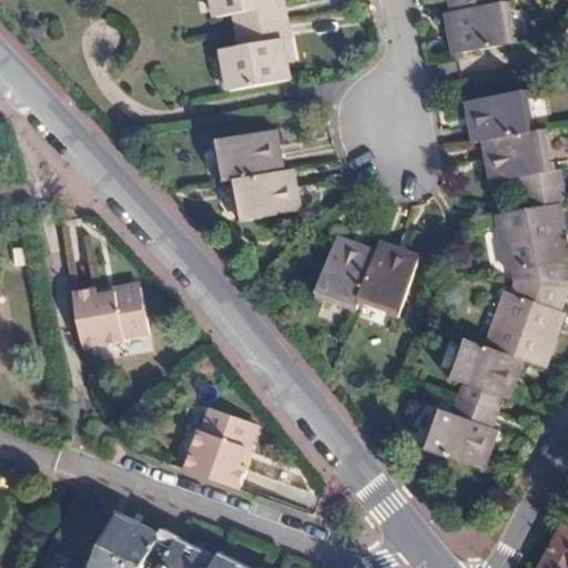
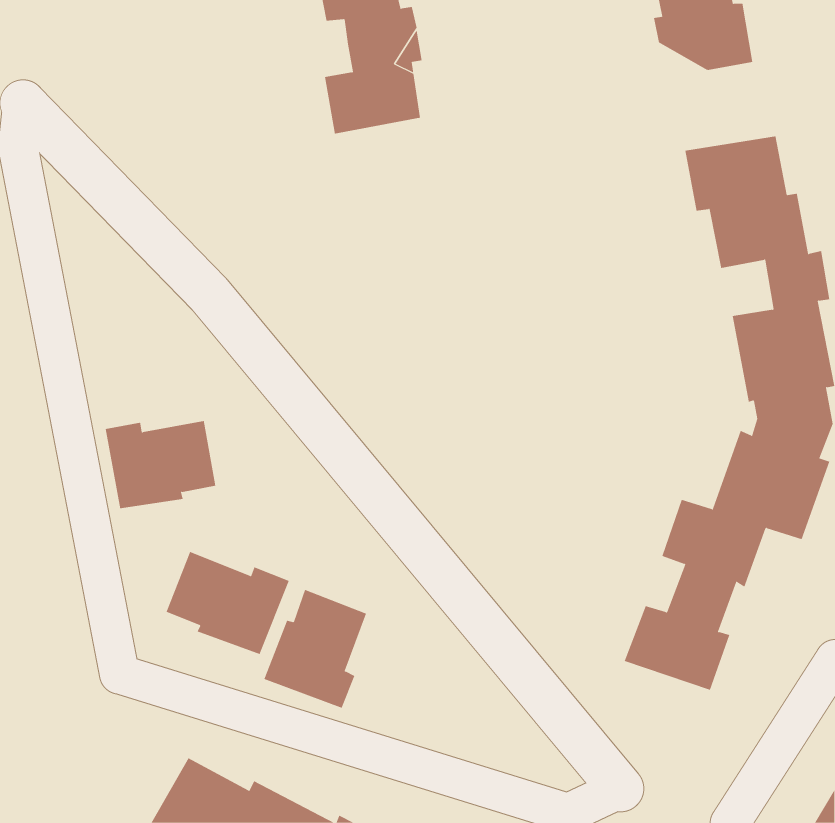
building: [213,130,296,222] -> none
building: [316,240,416,313] -> none
building: none -> [166,551,290,655]

